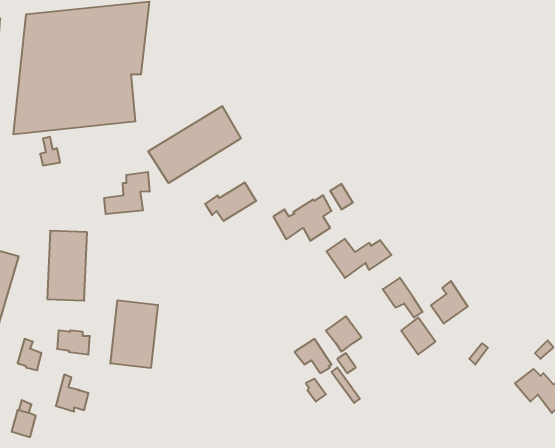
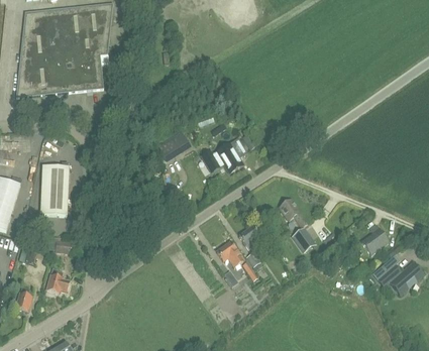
building: [148,106,241,183] -> none
building: [104,172,150,214] -> none
building: [326,239,391,278] -> none
building: [431,281,468,324] -> [361,223,388,253]
building: [110,300,158,368] -> none

